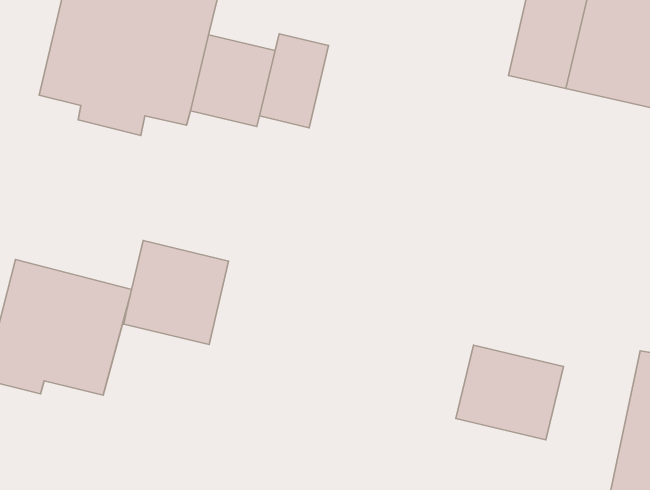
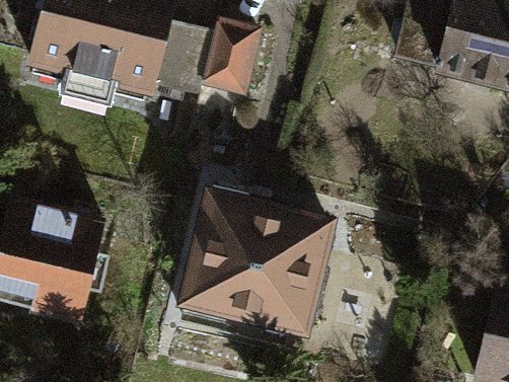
building: [124,241,229,345] -> none
building: none -> [188,197,325,333]
building: [456,345,564,440] -> none

